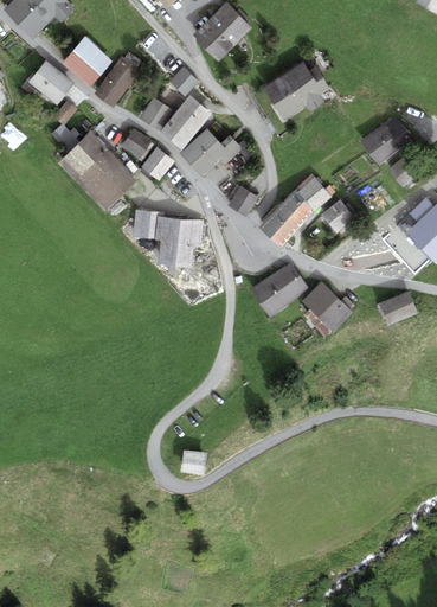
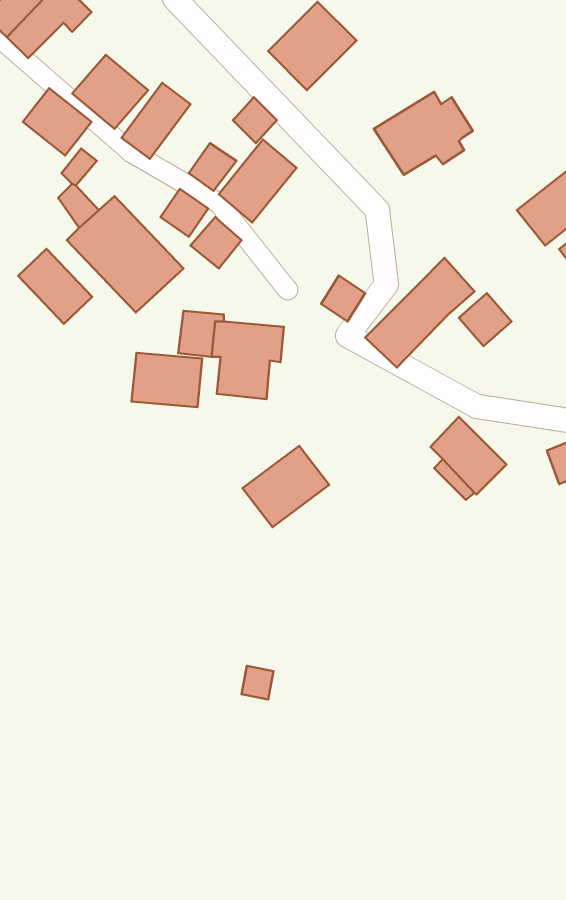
building: [179,127,242,177] -> none
building: none -> [18,249,92,324]
building: none -> [132,353,202,407]
building: [250,262,308,317] -> [243,446,329,527]

